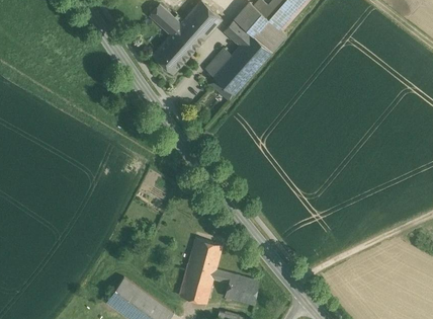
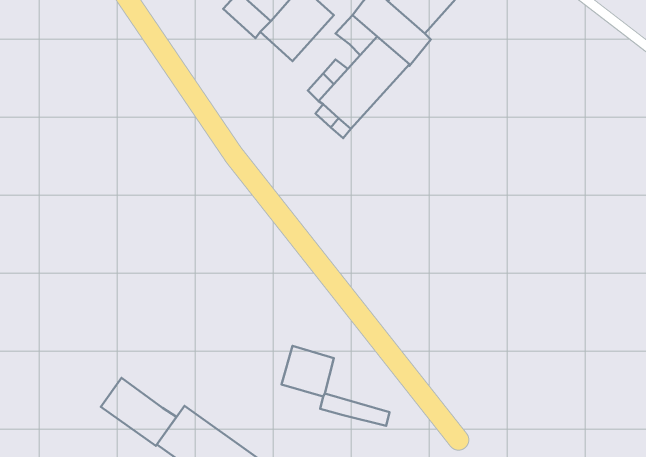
building: [152,30,194,74] -> none
building: none -> [101,378,176,446]
building: [178,262,214,303] -> none
building: [224,283,256,304] -> none

